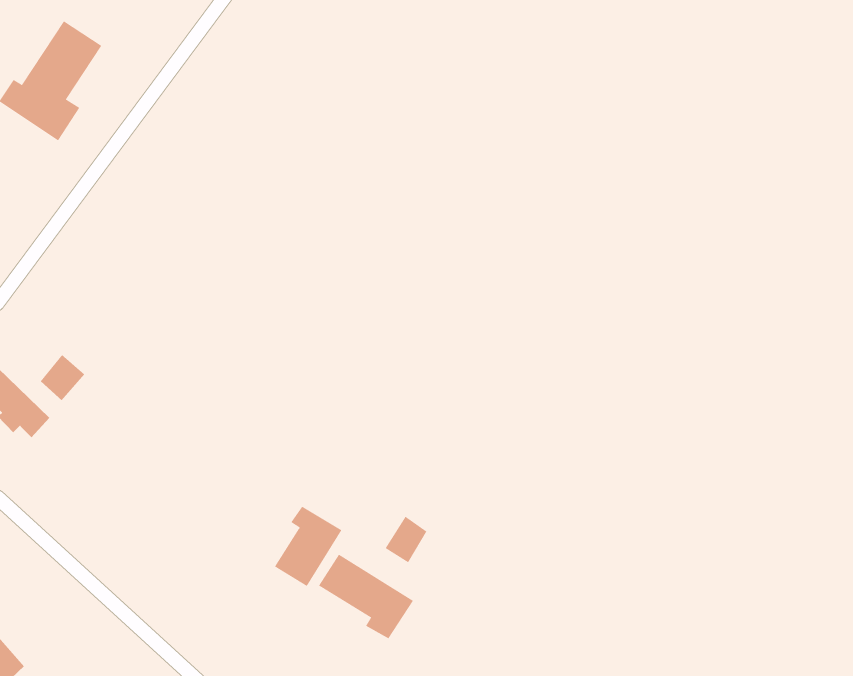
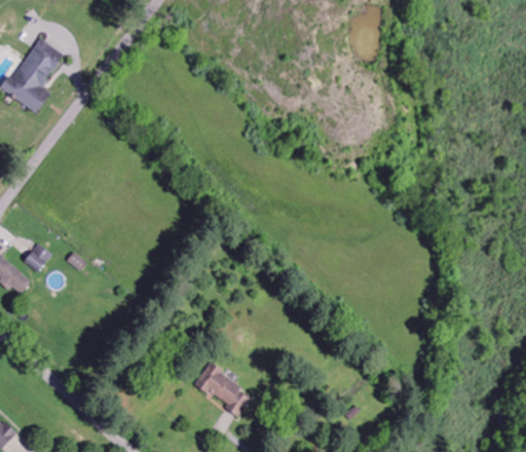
building: [274,506,342,587] -> none
building: [385,516,427,563] -> none

